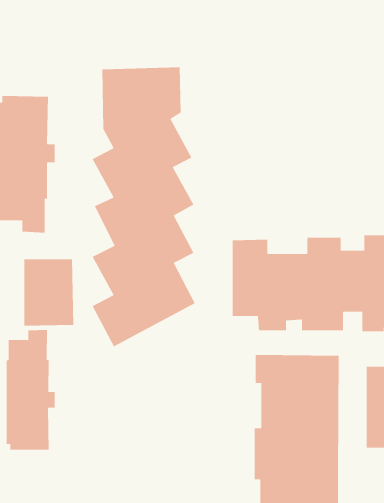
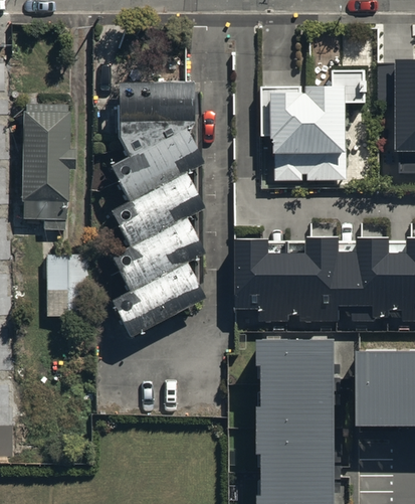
building: none -> [261,70,366,183]
building: [6,329,56,451] -> none

